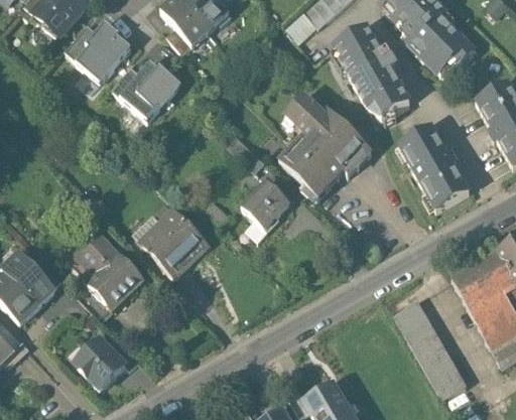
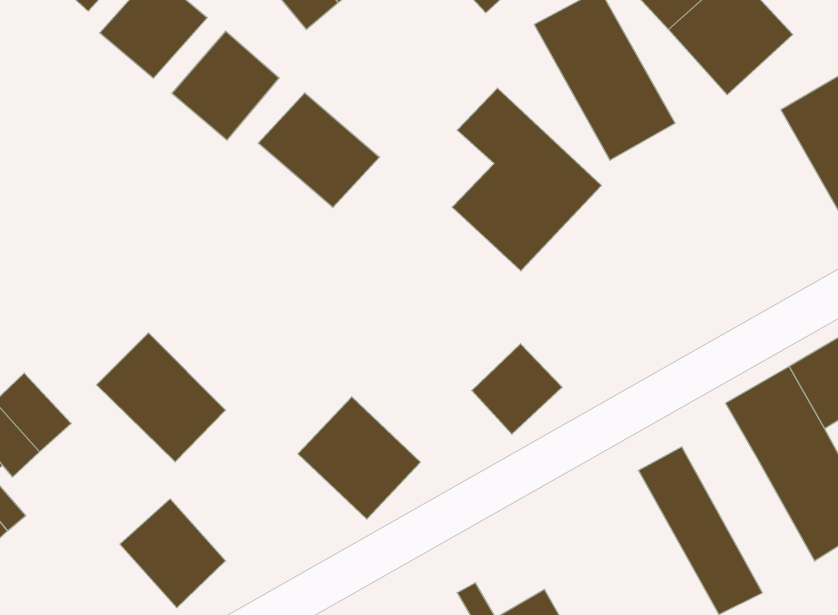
building: none -> [258,93,380,208]
building: [401,123,472,208] -> none
building: [240,174,294,229] -> [472,344,562,434]
building: [137,204,211,278] -> [298,397,420,519]

